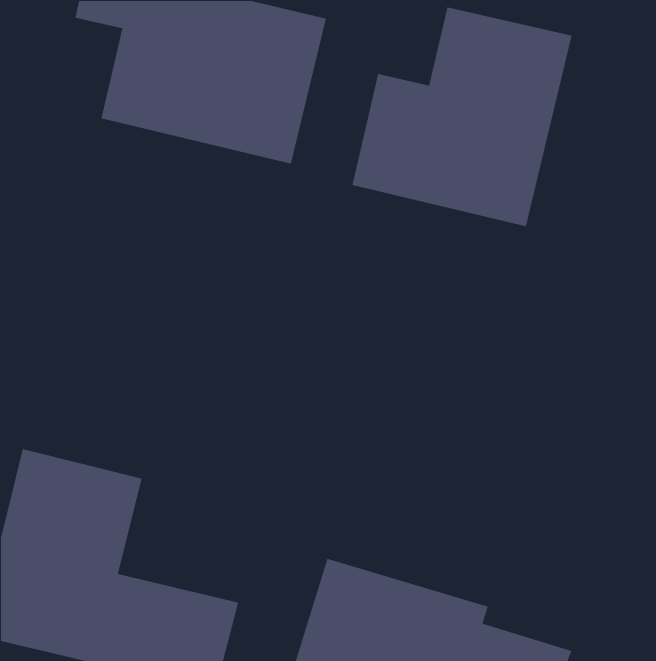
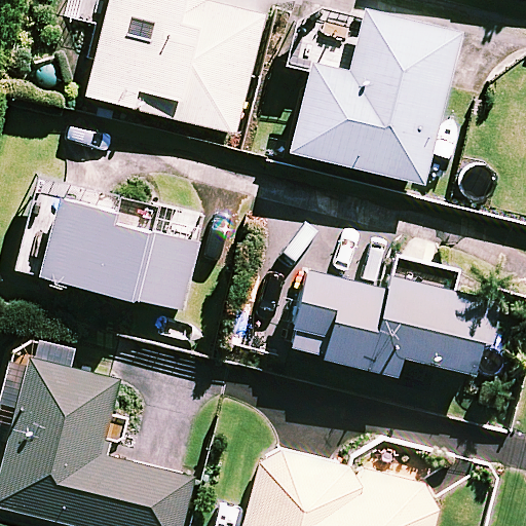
building: none -> [31,188,203,312]
building: none -> [286,268,495,375]

